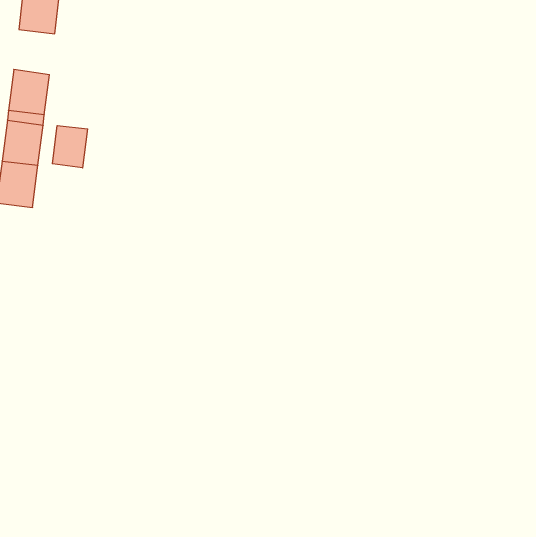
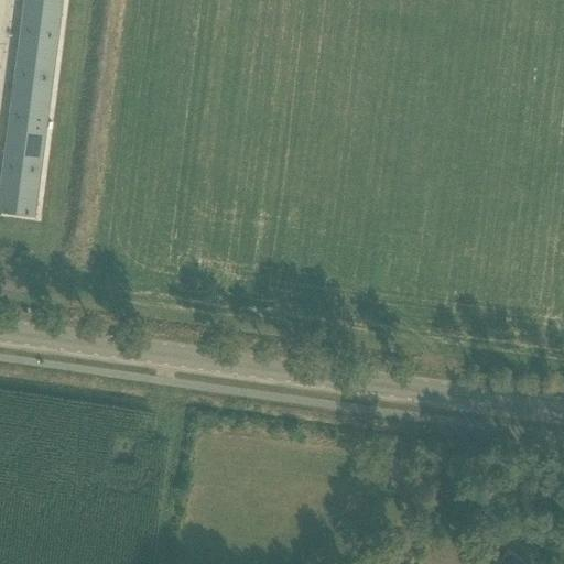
building: none -> [14,31,57,78]
building: [52,126,88,168] -> none

